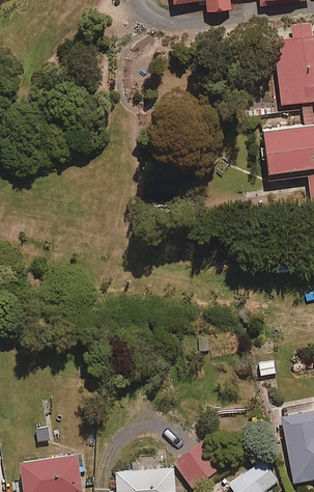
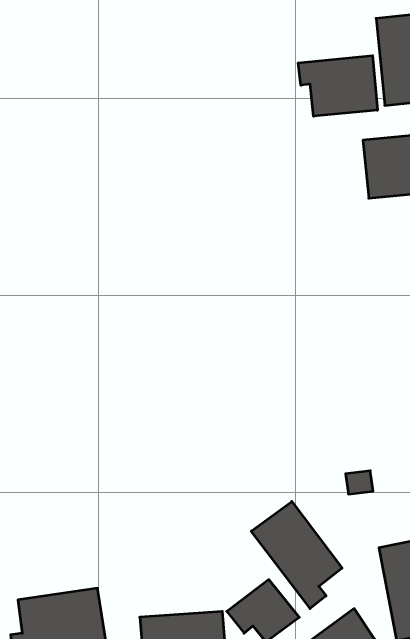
building: none -> [298,56,377,116]
building: none -> [251,501,342,609]

